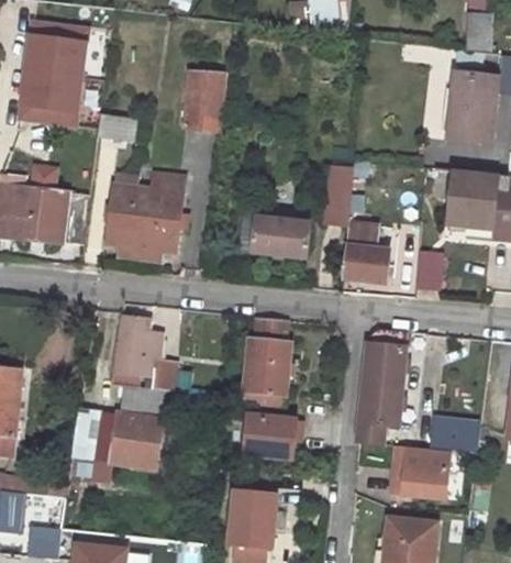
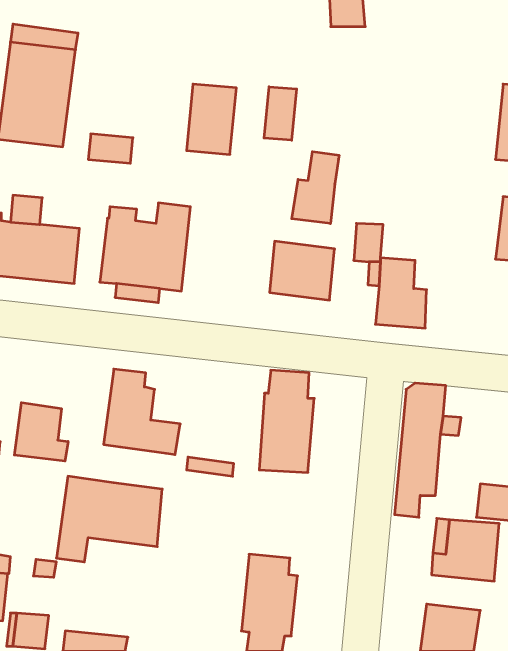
building: none -> [264,87,297,140]
building: none -> [292,152,339,224]
building: [415,247,444,289] -> none
building: none -> [14,403,68,461]
building: [119,385,164,421] -> none
building: [235,409,290,457] -> none

